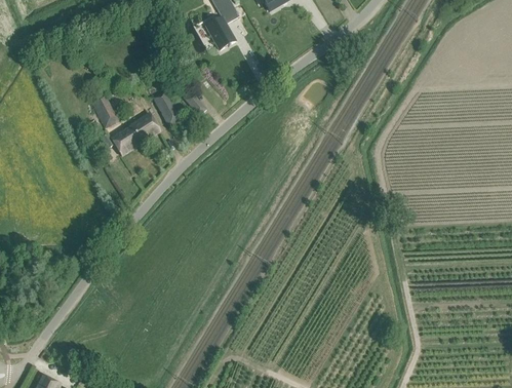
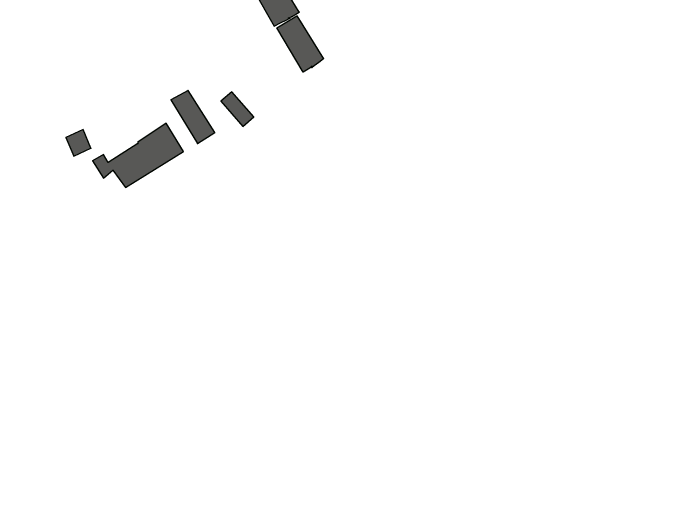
building: none -> [277,16,324,72]
building: [90,92,118,127] -> none

